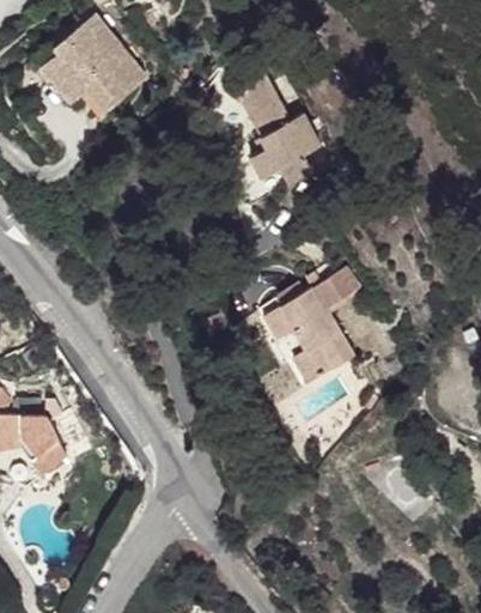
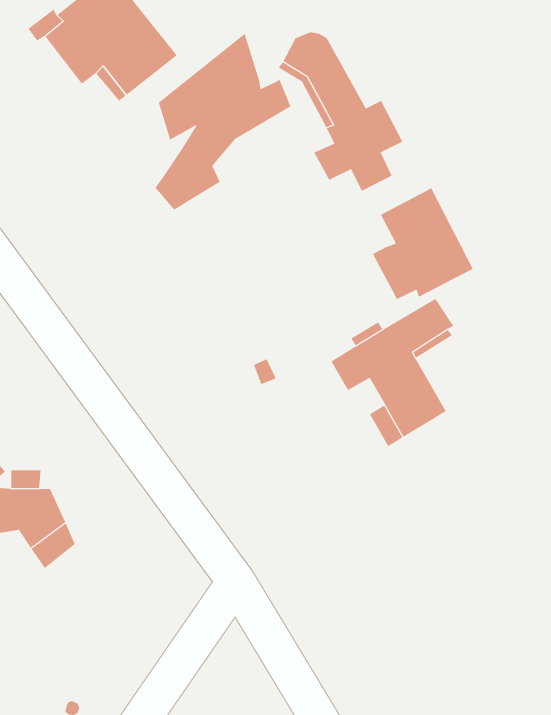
building: none -> [155,33,291,211]
building: none -> [372,188,474,300]

